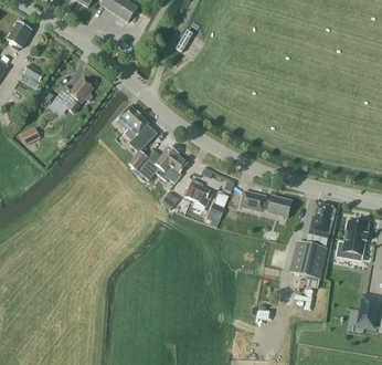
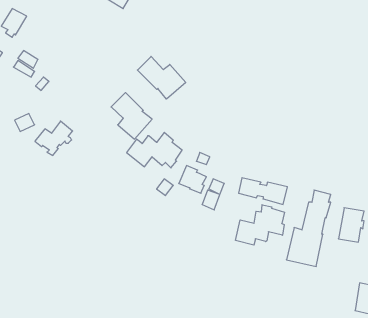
building: none -> [137,56,186,99]
building: [55,77,93,112] -> [35,121,73,155]
building: none -> [236,205,285,245]

